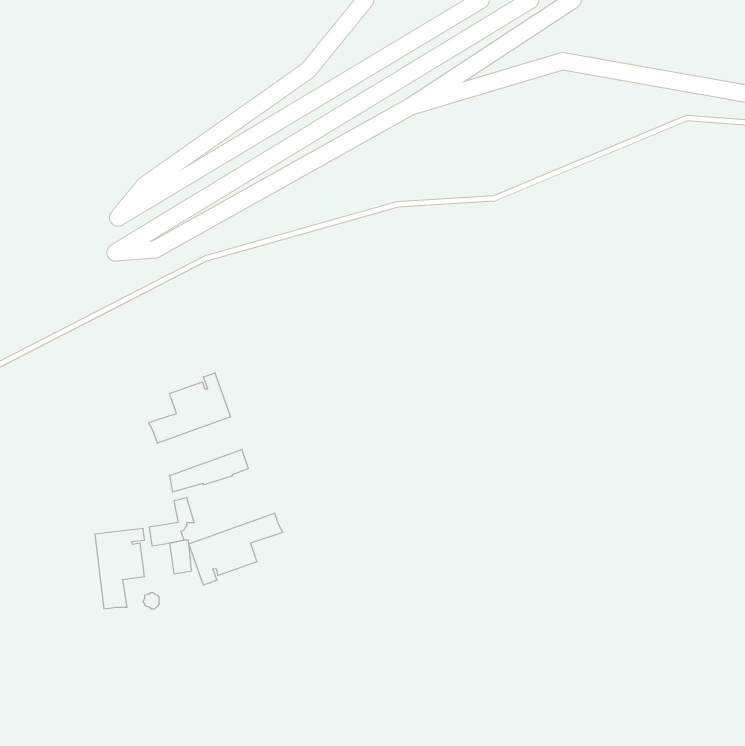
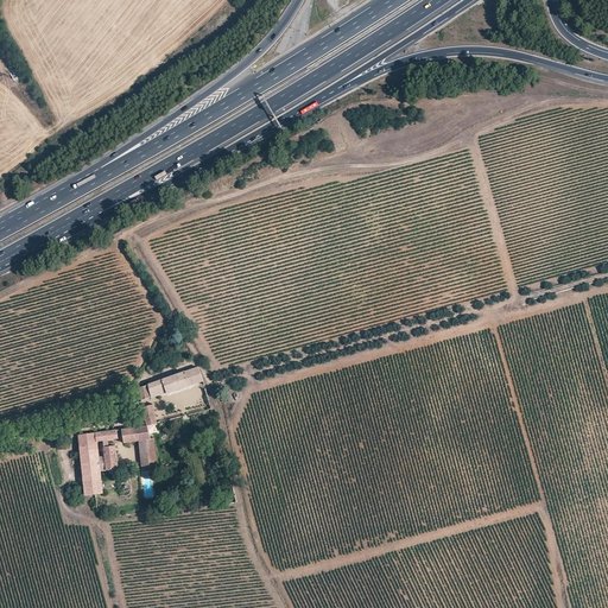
building: [149,373,231,443] -> none
building: [189,513,283,585] -> none

